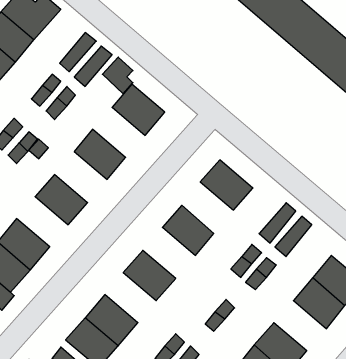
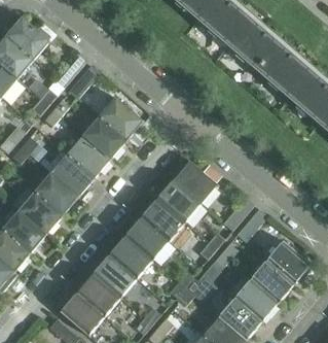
building: none -> [82,116,126,159]
building: none -> [50,153,95,197]
building: none -> [157,179,201,222]
building: none -> [19,192,62,234]
building: none -> [124,217,169,261]
building: none -> [93,255,136,298]
building: none -> [234,279,279,321]

